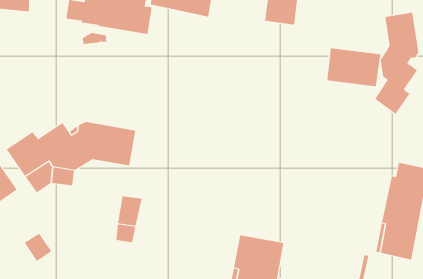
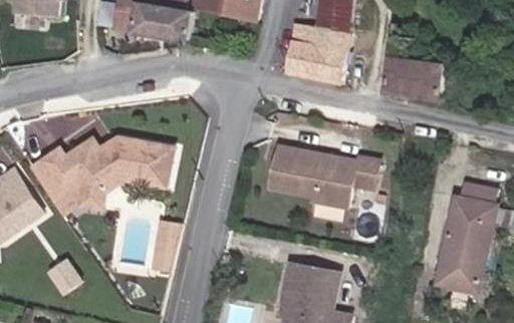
building: [374,12,419,115] -> none
building: none -> [285,23,350,83]
building: none -> [271,146,378,208]

